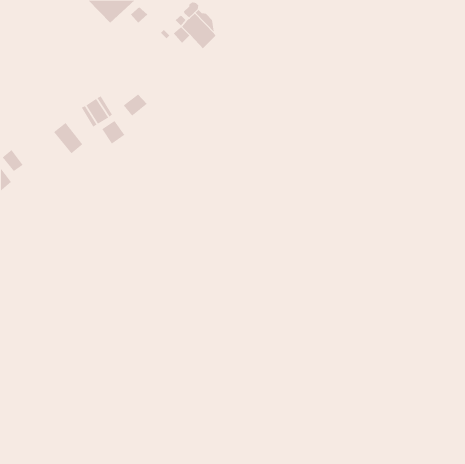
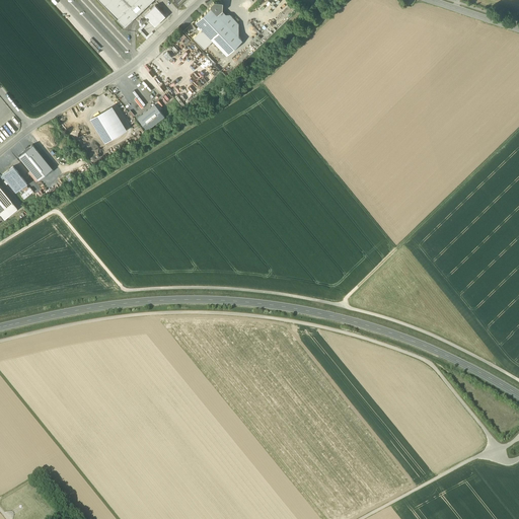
building: [101,120,125,145] -> none
building: [53,122,83,154] -> [18,146,52,181]

